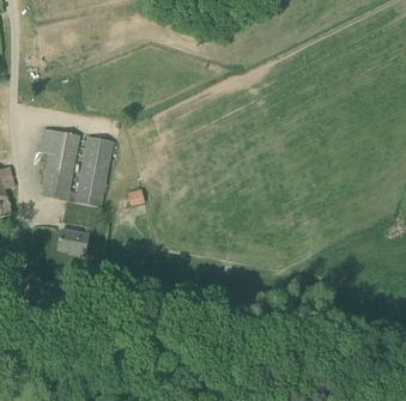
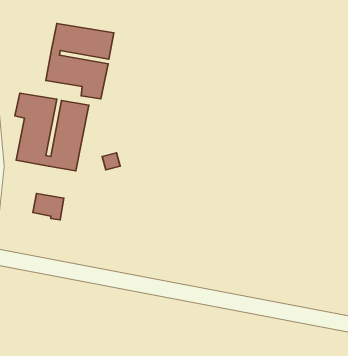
building: none -> [46,23,114,99]

